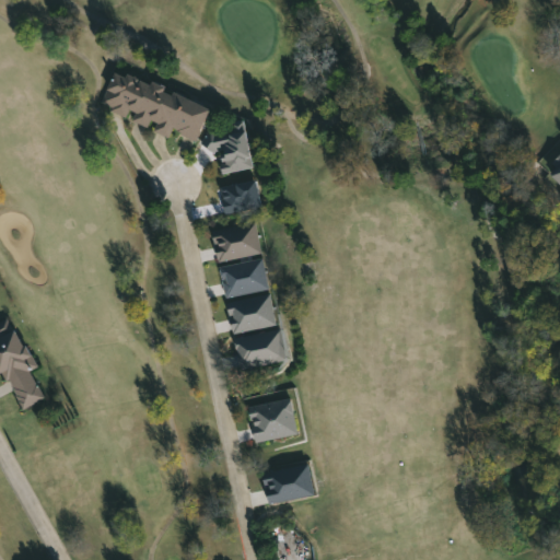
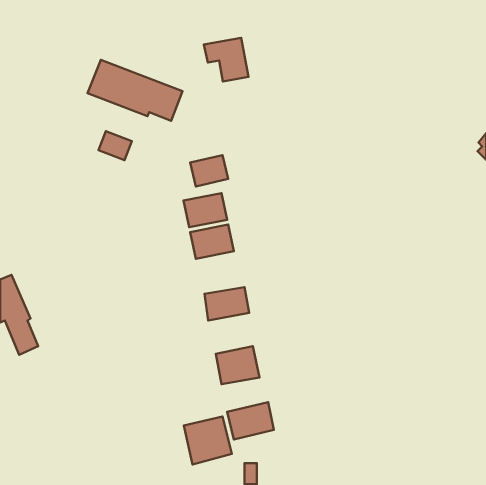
building: [202,124,254,174] -> [204,38,249,81]
building: none -> [98,131,132,160]
building: [226,295,277,335] -> none
building: none -> [184,416,232,464]

